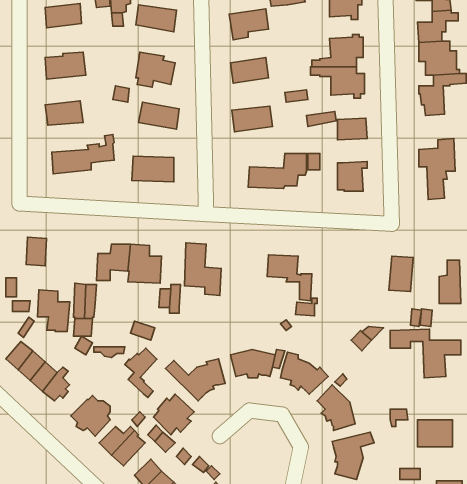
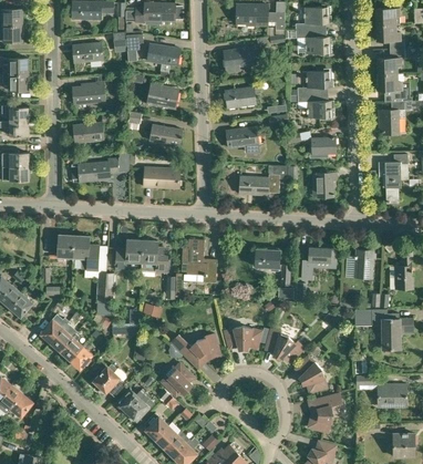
building: none -> [302,247,331,279]
building: [38,290,70,332] -> [73,235,100,269]
building: [125,348,157,397] -> none

